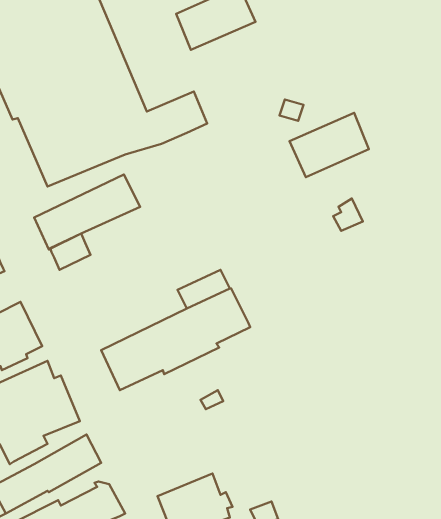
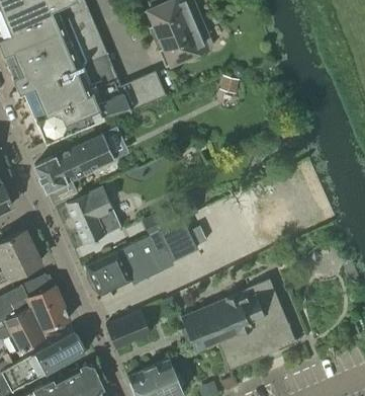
building: [290,113,369,177] -> [154,18,213,67]
building: none -> [66,186,122,244]
building: none -> [181,280,297,371]
building: none -> [106,310,152,348]

